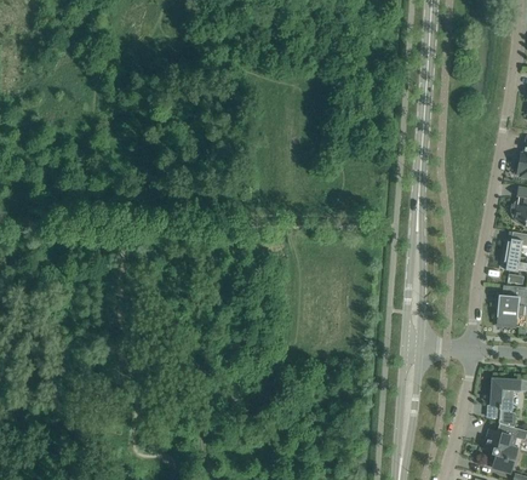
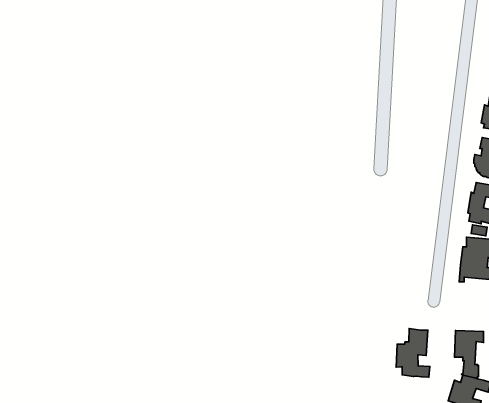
building: none -> [396,328,430,377]

